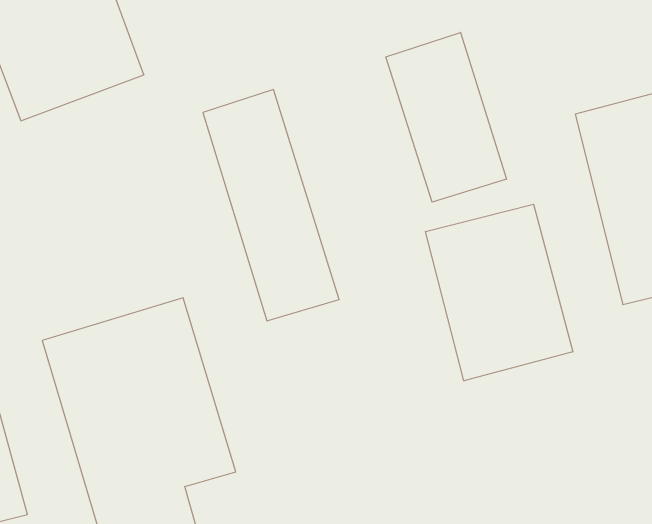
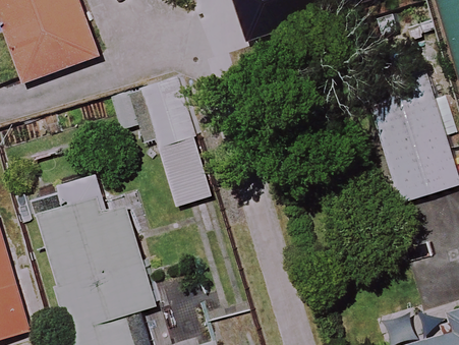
building: [386,32,506,202] -> none
building: [426,204,573,381] -> none

